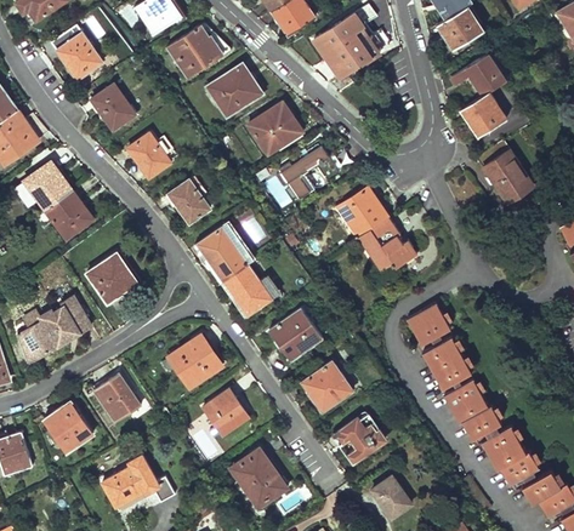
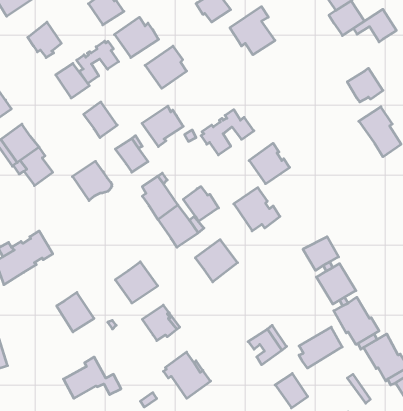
building: [450,53,505,95] -> [353,9,396,42]
building: none -> [77,41,119,83]
building: [248,103,300,154] -> [142,106,183,147]
building: [358,216,416,270] -> [234,188,280,231]
building: none -> [183,187,219,221]
building: [87,253,137,303] -> [72,161,112,201]
building: [302,360,354,412] -> none
building: [44,400,95,453] -> none
building: none -> [299,327,342,368]

